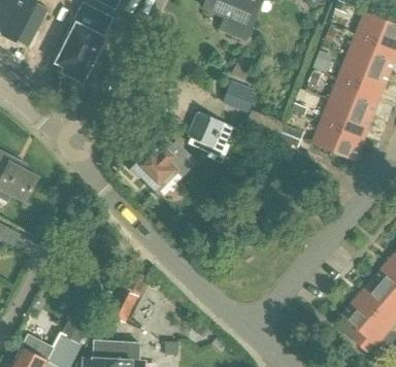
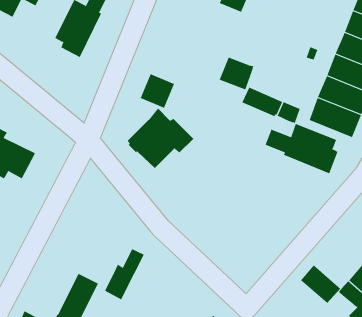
building: [189,111,224,146] -> [140,73,175,109]
building: none -> [265,123,338,174]
building: none -> [300,264,341,304]

